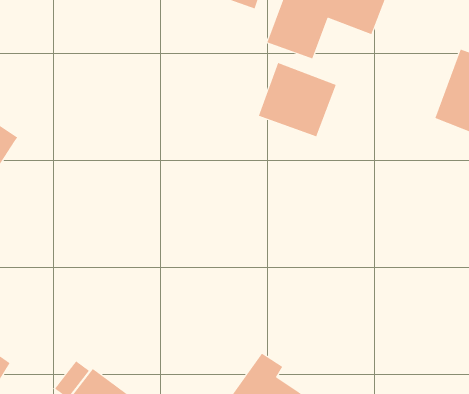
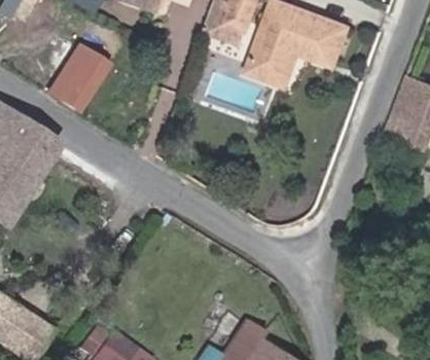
building: none -> [45,47,102,111]
building: [258,62,337,137] -> none

